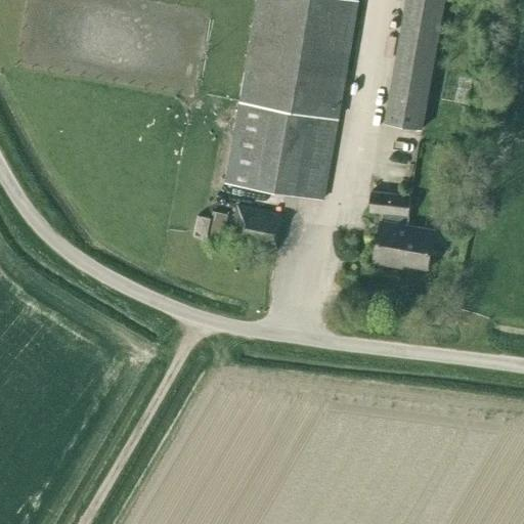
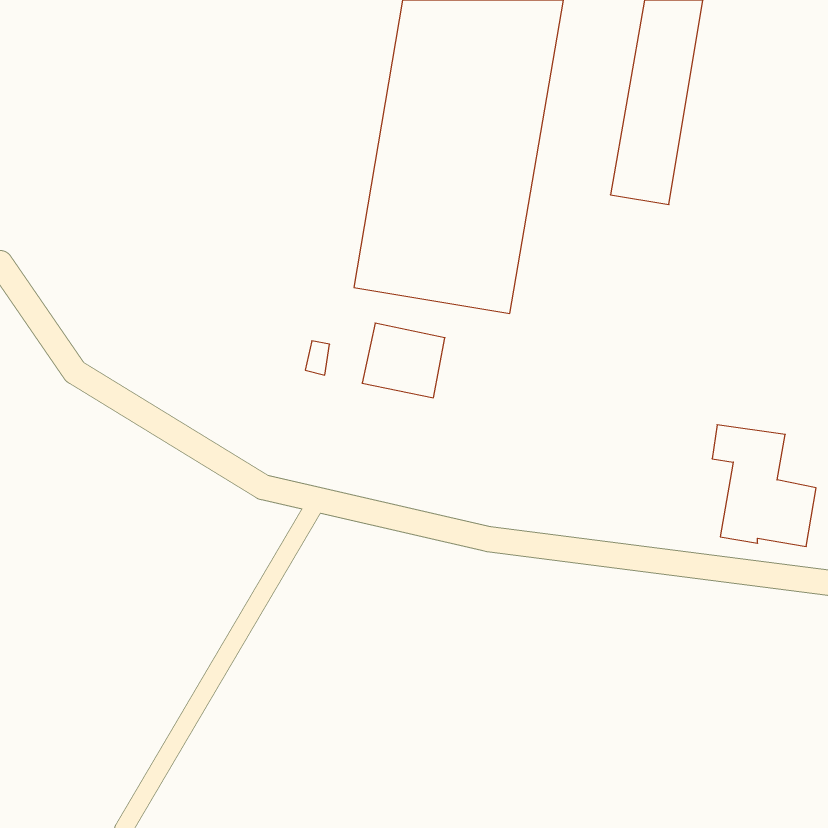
building: [369,191,435,268] -> [712,425,816,546]

